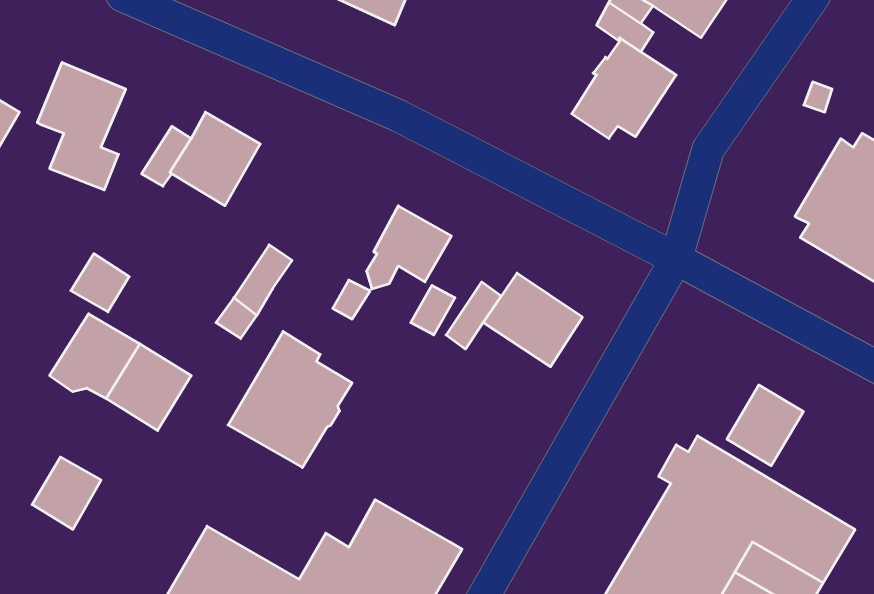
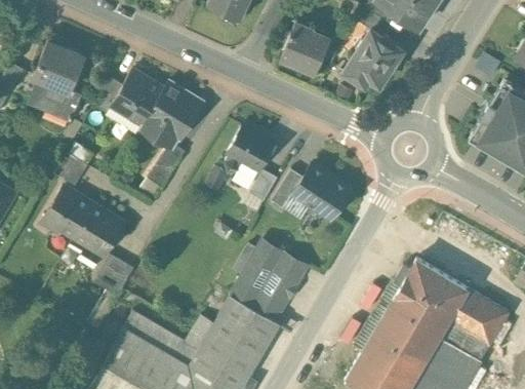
building: none -> [281,23,329,72]
building: none -> [26,78,73,122]
building: none -> [143,82,199,144]
building: [228,331,352,468] -> [230,241,301,320]
building: [727,385,803,466] -> none
building: [32,457,101,529] -> [93,255,133,297]

